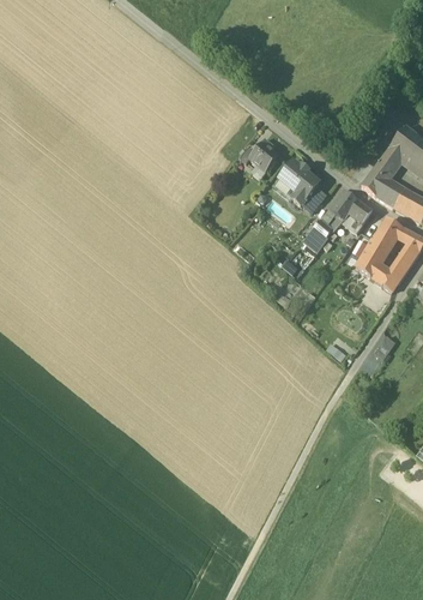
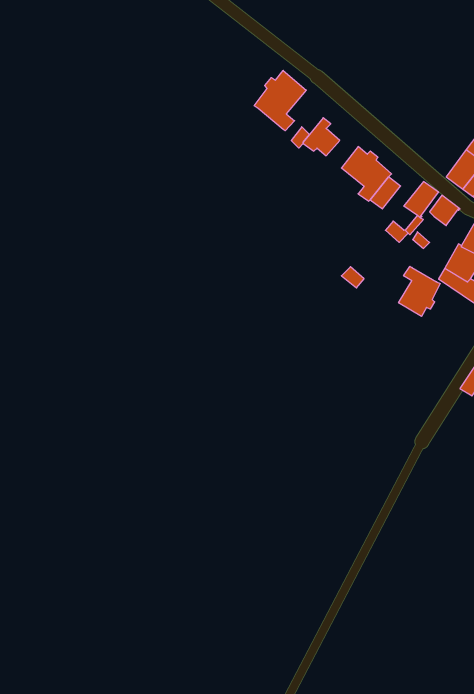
building: none -> [254,70,306,131]
building: none -> [399,266,440,316]

